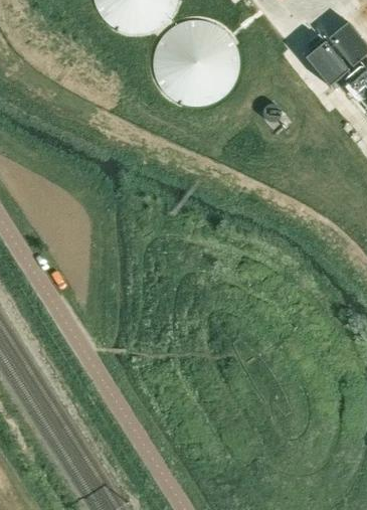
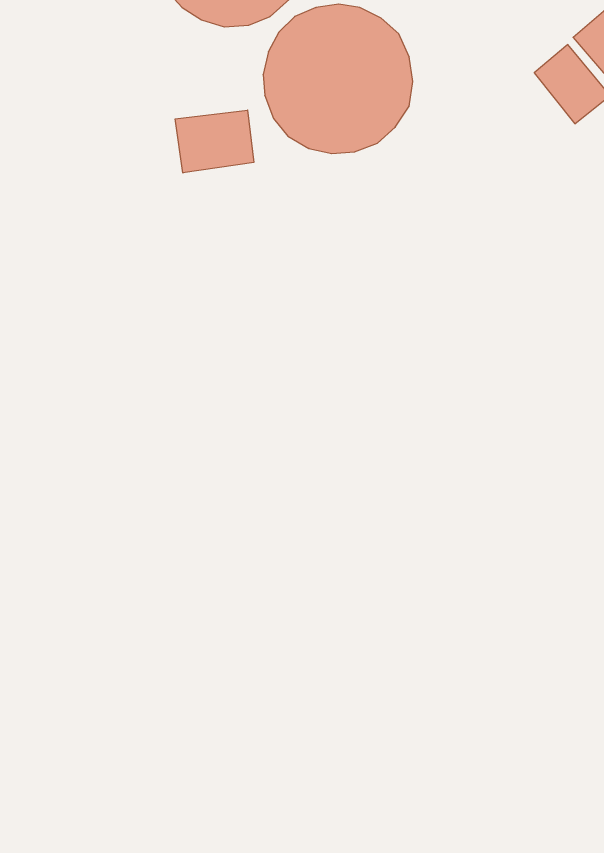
building: none -> [175,110,254,173]

